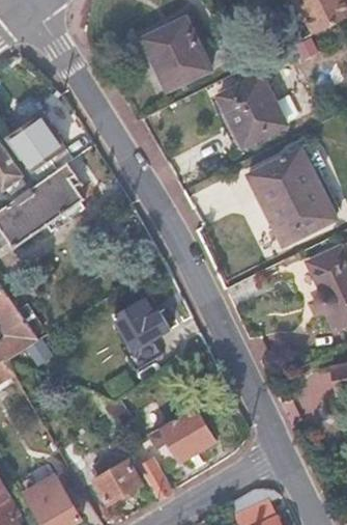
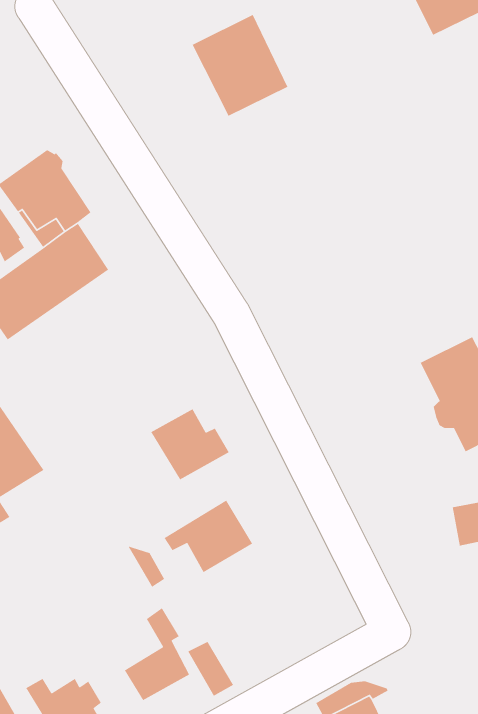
building: [218,76,285,147] -> none
building: [249,150,335,245] -> none
building: [152,410,215,462] -> [163,500,253,573]

